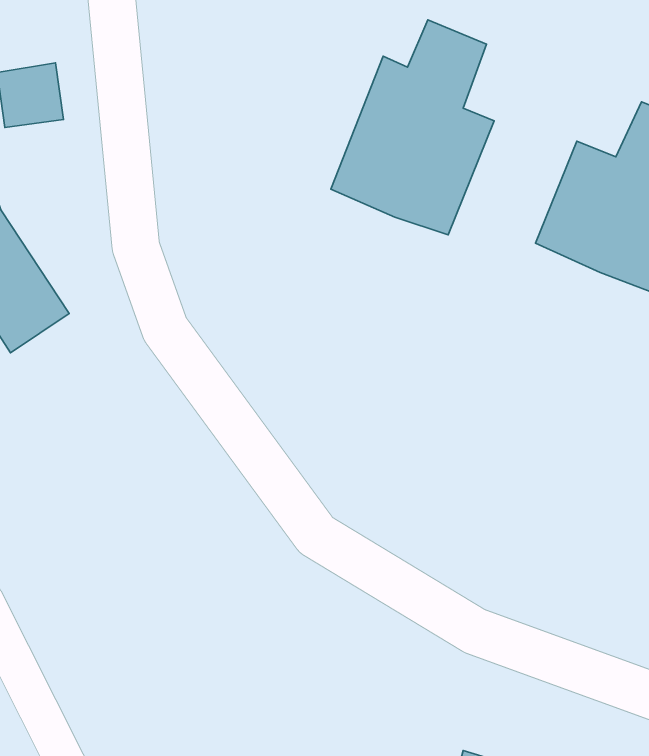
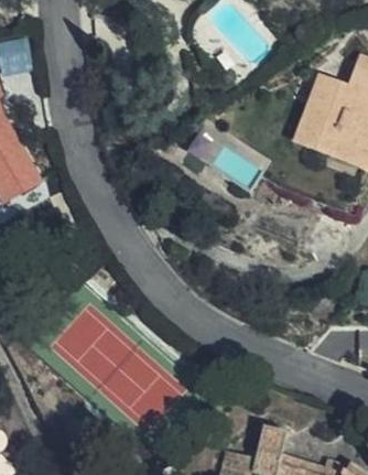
building: [331,20,494,235] -> none

